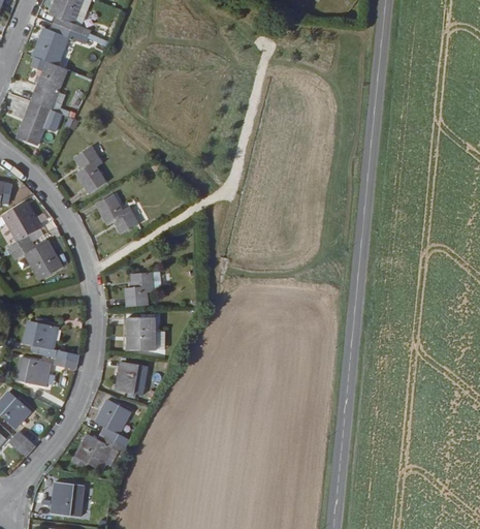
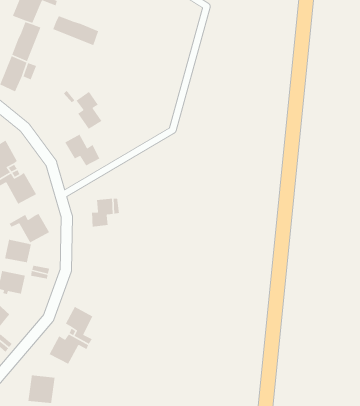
building: none -> [52,15,99,46]
building: [73,147,105,193] -> [75,91,102,130]
building: none -> [8,213,50,244]
building: [127,317,156,350] -> none
building: [116,361,148,398] -> none

